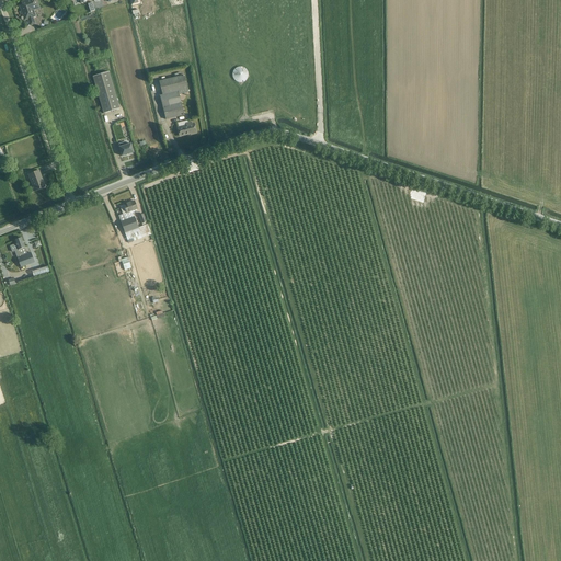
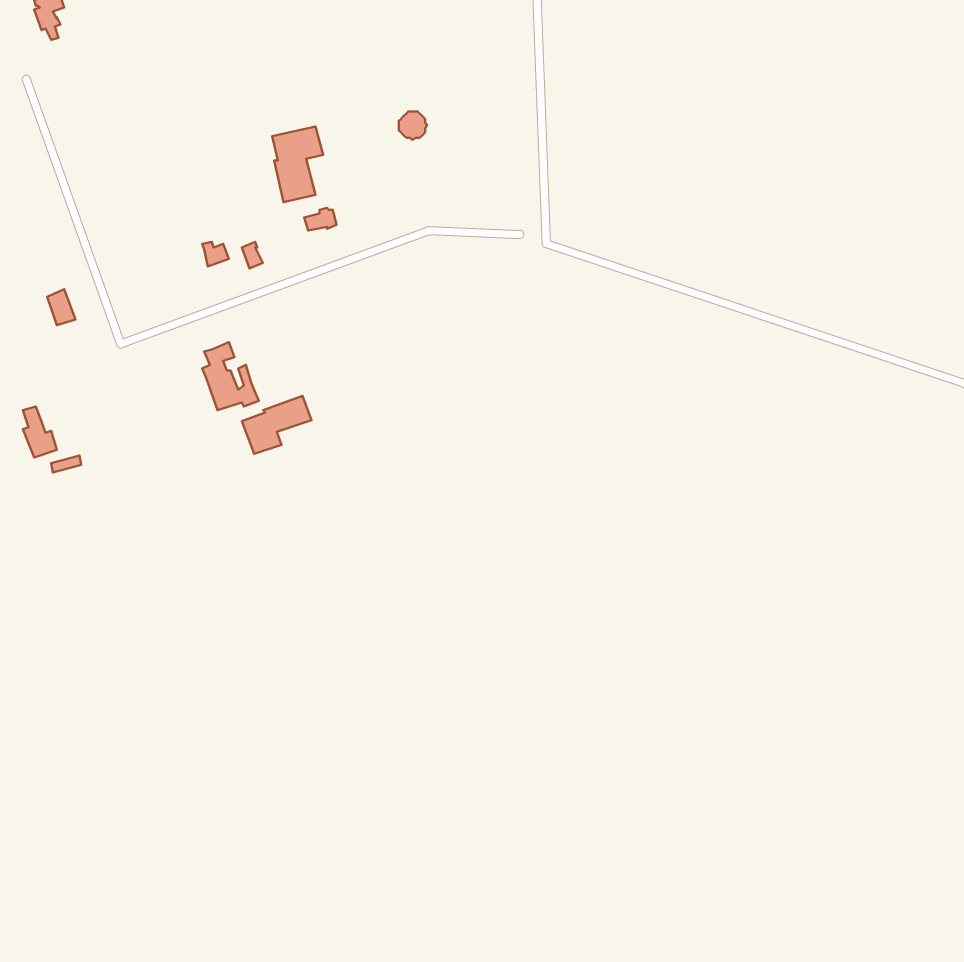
building: [92,70,118,112] -> none
building: none -> [242,396,311,454]

